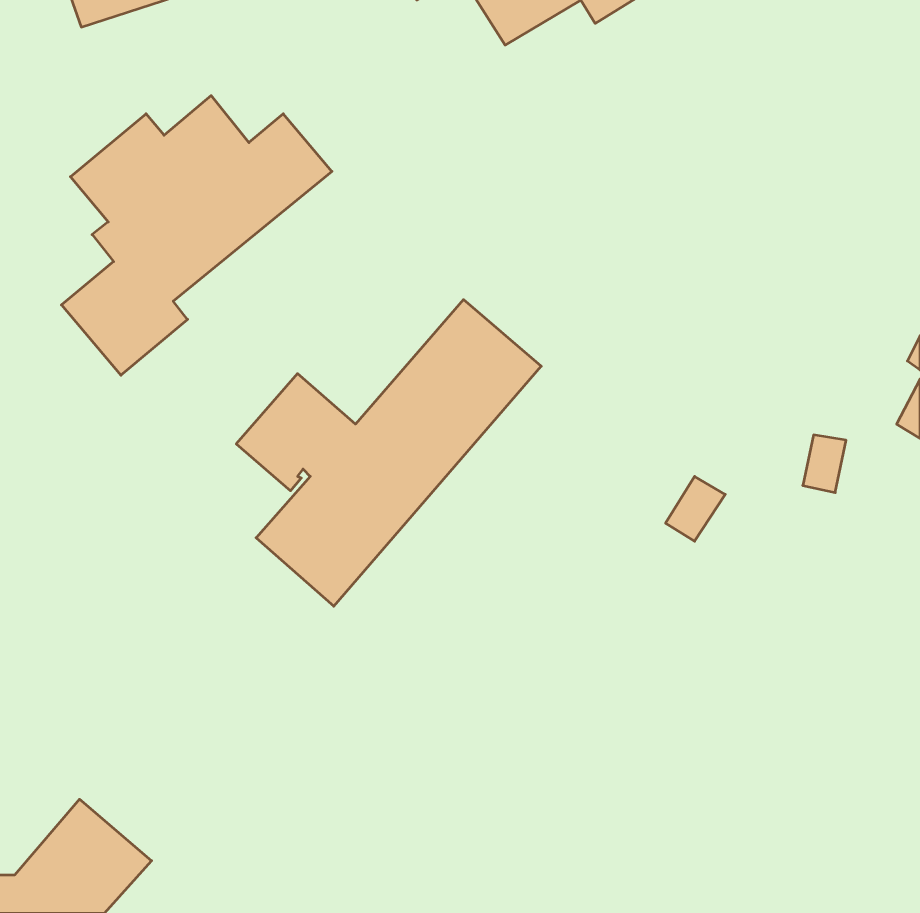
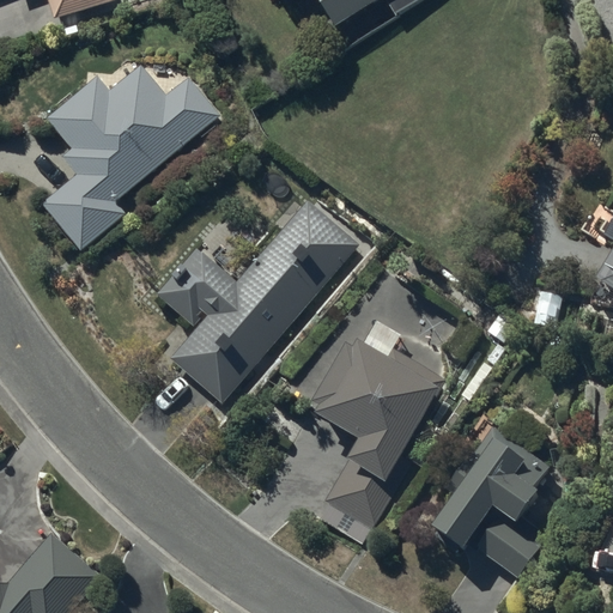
building: none -> [311,318,445,541]
building: none -> [431,427,550,577]

